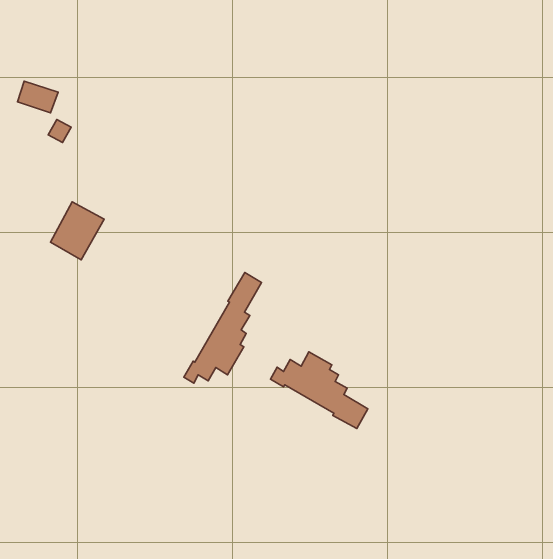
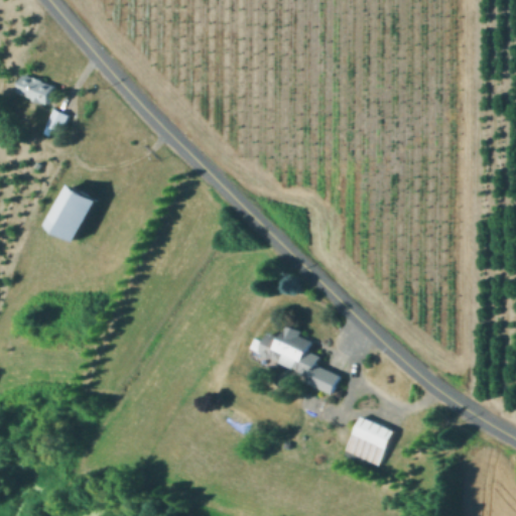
building: [184,272,261,383] -> none
building: none -> [347,419,389,464]

